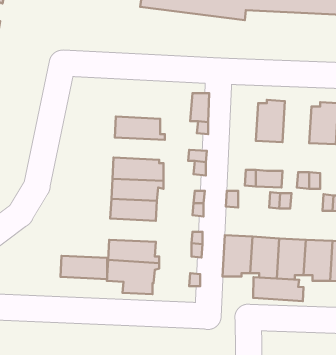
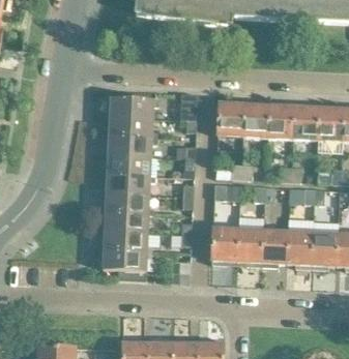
building: none -> [110,95,152,117]
building: none -> [216,98,242,138]
building: none -> [265,100,292,140]
building: none -> [108,134,155,155]
building: [60,256,107,279] -> [104,210,147,232]
building: [253,277,304,301] -> none

